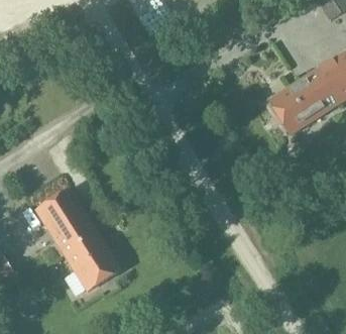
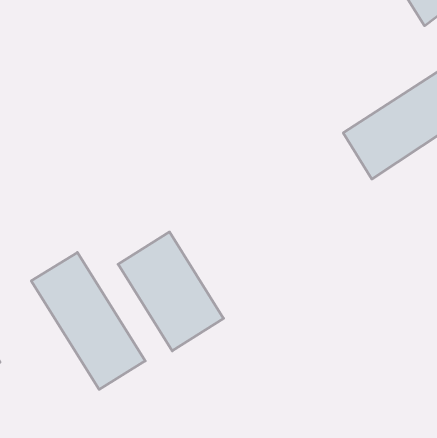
building: none -> [118,232,224,351]

